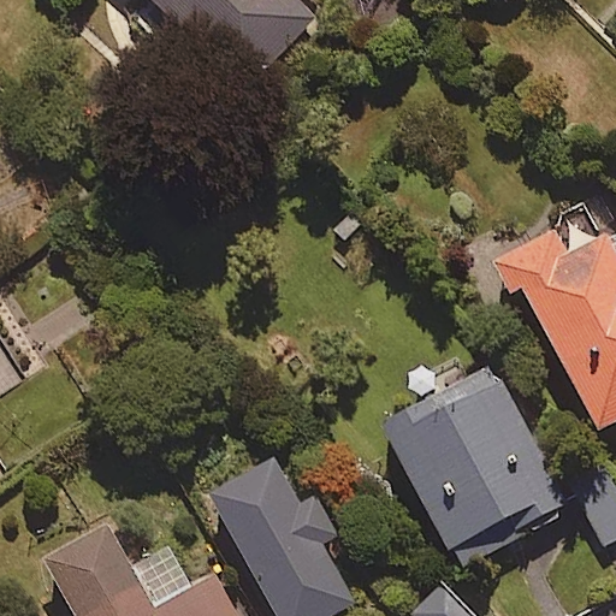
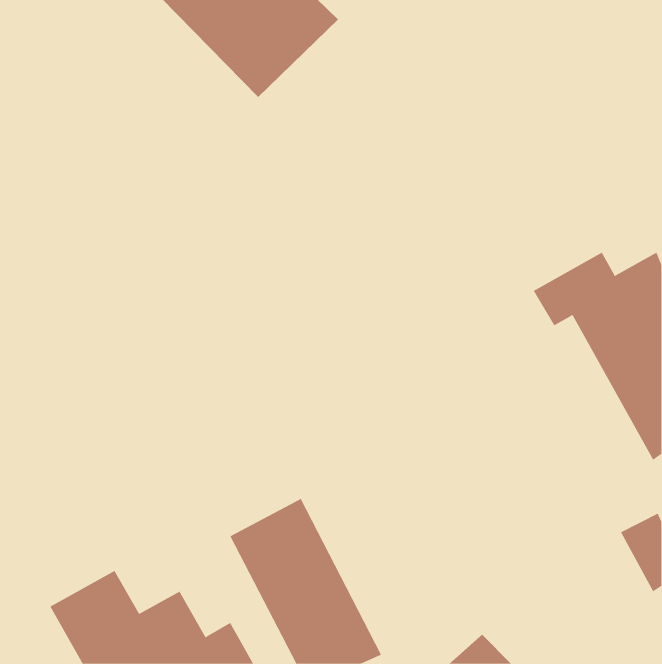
building: [380,378,569,565] -> none

